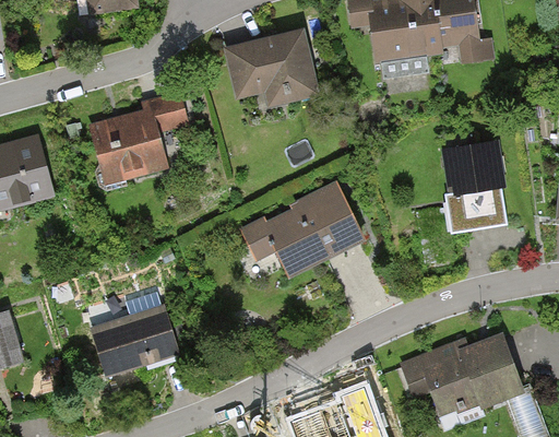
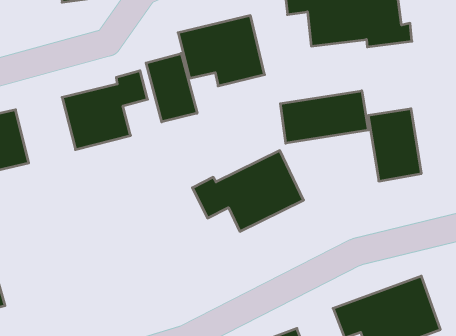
building: none -> [146,53,197,122]
building: none -> [280,91,368,143]
building: [90,305,181,380] -> none

